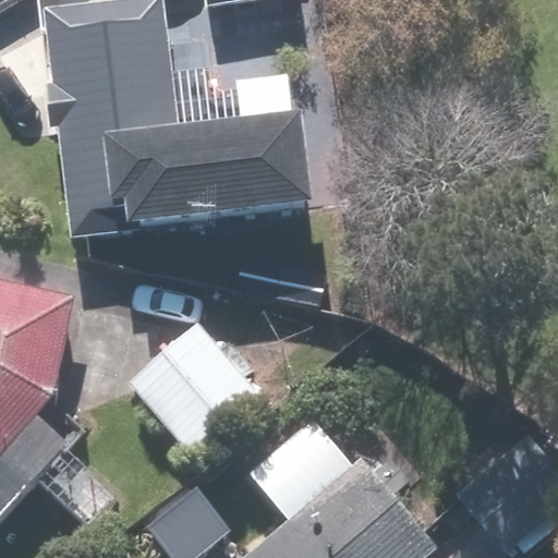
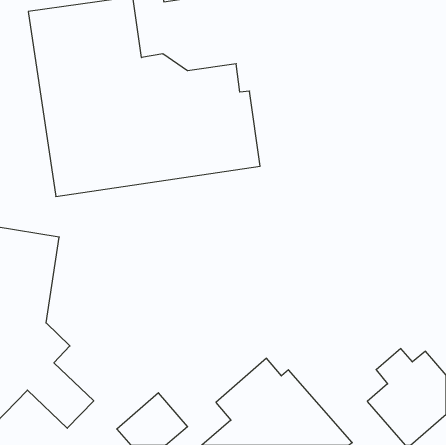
building: [123,319,254,450] -> none

